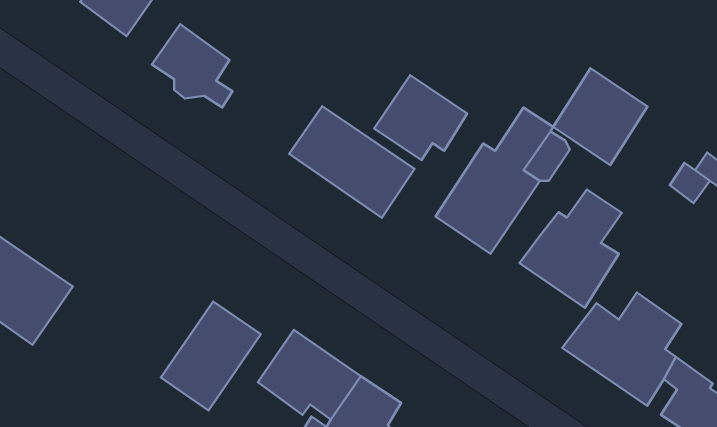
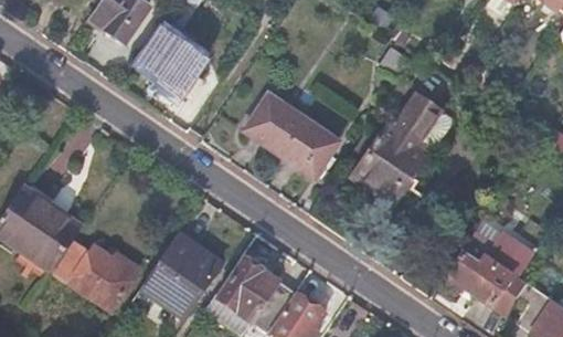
building: [553,68,647,165] -> none
building: [374,75,467,160] -> none
building: [520,190,622,308] -> none
building: none -> [57,241,141,310]

